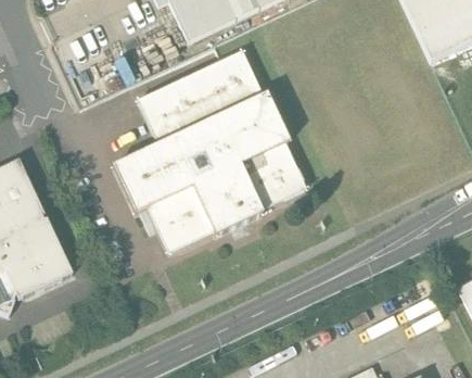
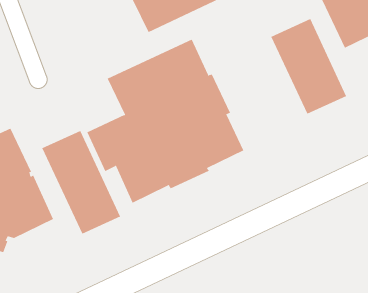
building: none -> [271,18,347,115]
building: none -> [42,130,121,235]

